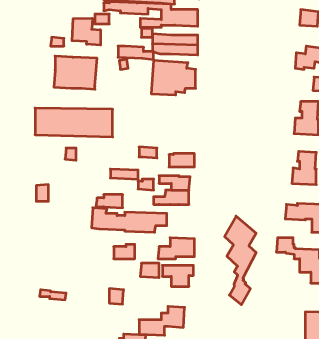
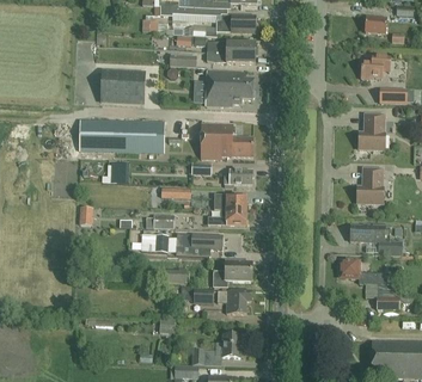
building: [72,18,101,45] -> none
building: none -> [202,122,253,159]
building: [225,216,256,305] -> none

